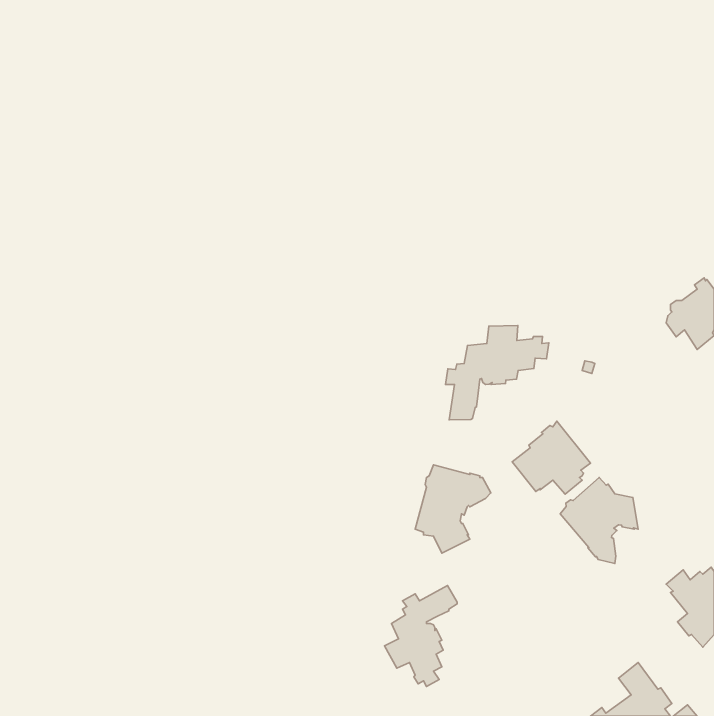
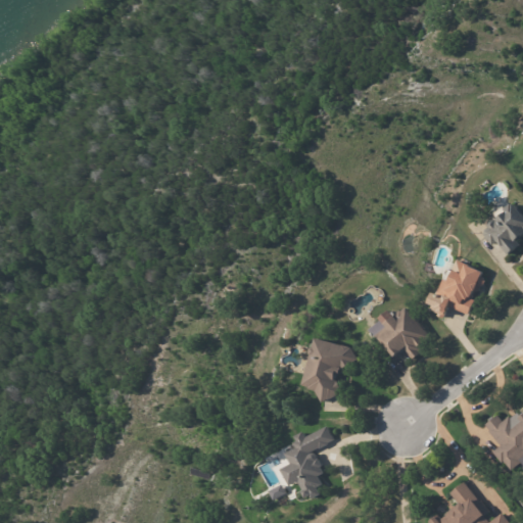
building: [445,325,549,420] -> none
building: none -> [435,259,484,315]
building: [560,477,638,563] -> none

